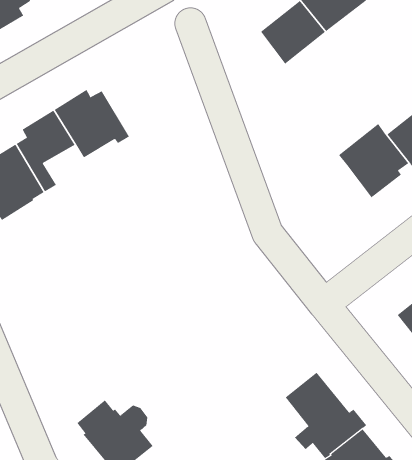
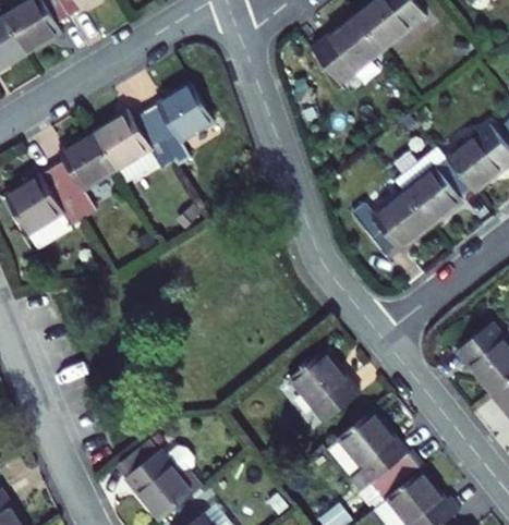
building: none -> [144,83,214,167]
building: none -> [351,192,429,260]
building: none -> [289,351,359,423]

